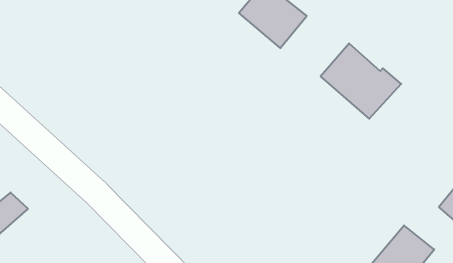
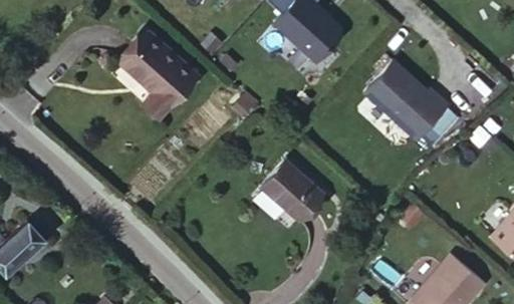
building: none -> [115,38,189,122]
building: none -> [254,168,320,231]

